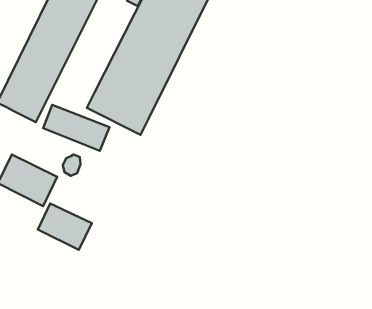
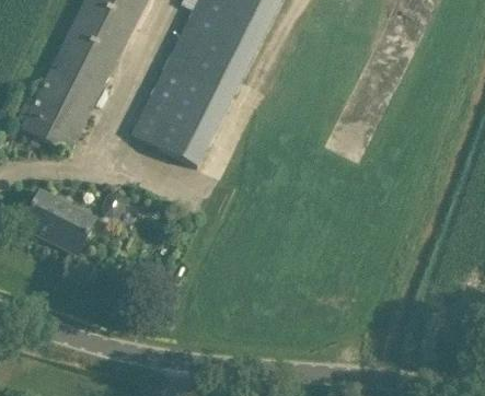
building: [43,105,110,151] -> none
building: [38,203,92,250] -> none

